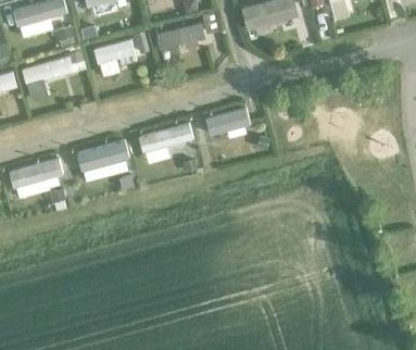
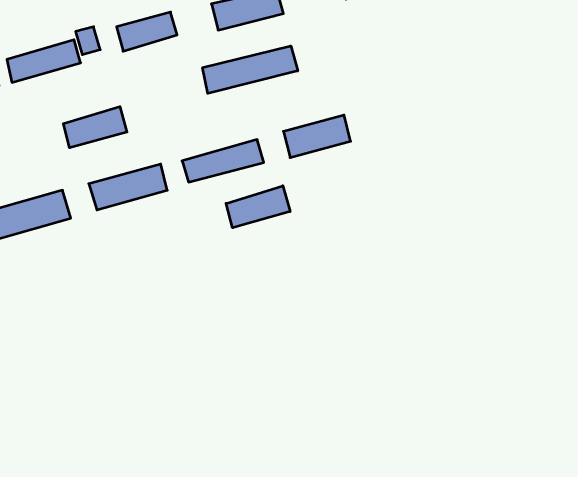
building: none -> [203,46,298,93]
building: none -> [63,107,127,148]
building: none -> [226,186,290,228]

